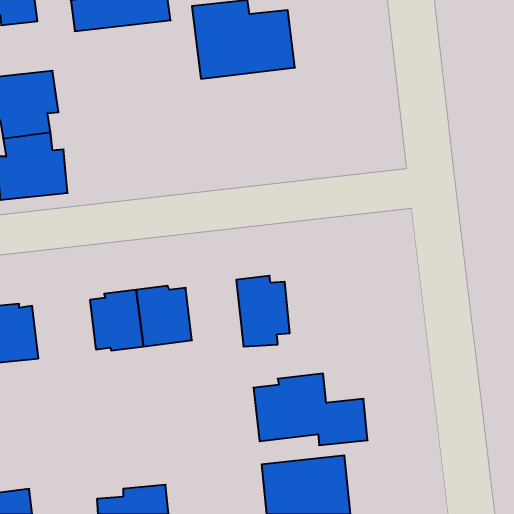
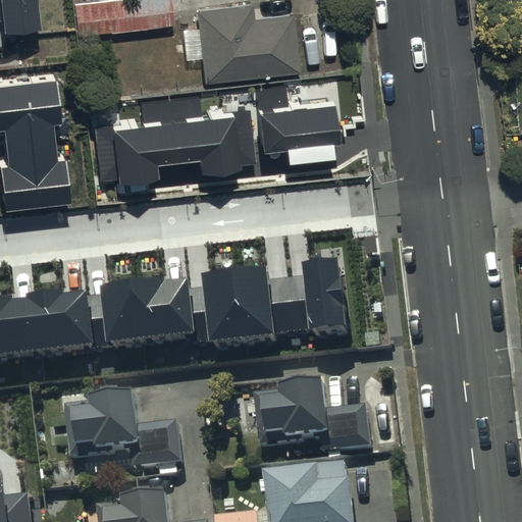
building: none -> [255,96,335,145]
building: none -> [109,107,236,174]
building: none -> [288,270,352,342]
building: none -> [188,282,246,353]
building: none -> [33,301,97,362]
building: none -> [65,388,182,466]

